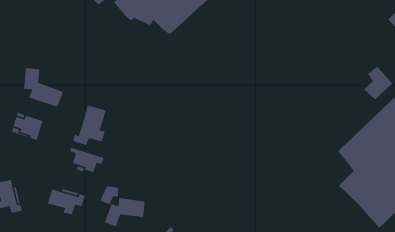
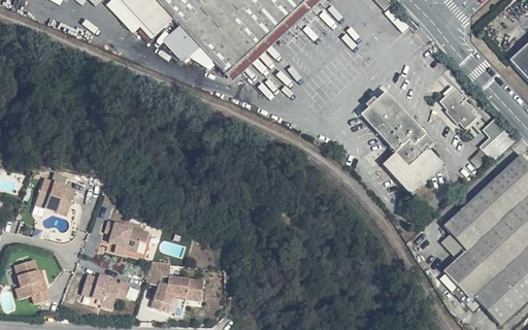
building: none -> [439,87,477,128]
building: none -> [361,91,442,192]
building: [23,67,64,108] -> none
building: [72,105,107,146] -> none

